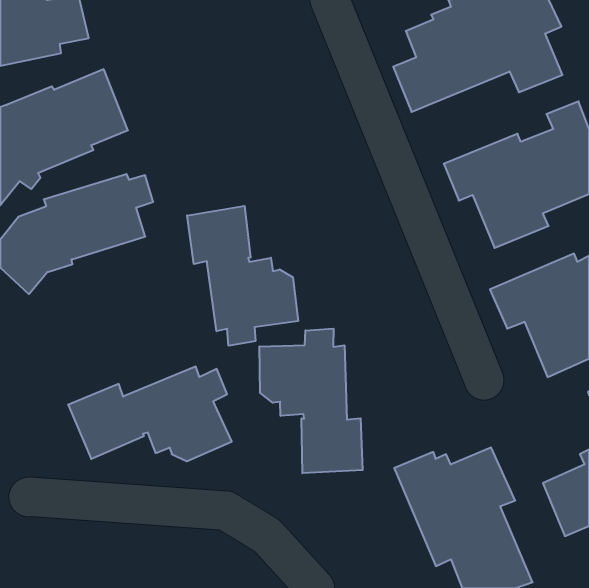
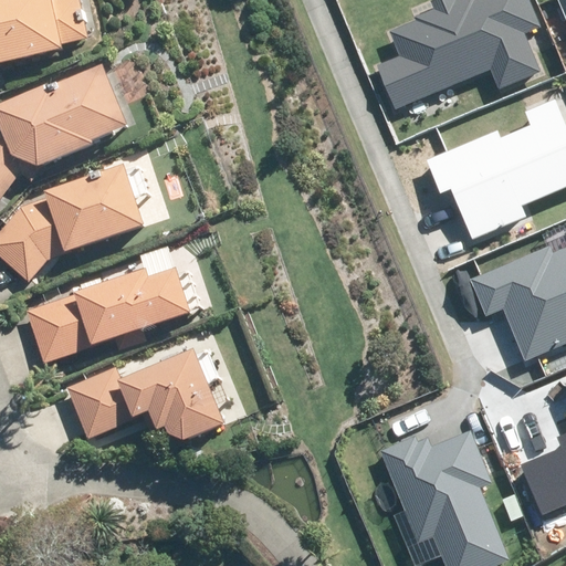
building: [187,206,298,346] -> none
building: none -> [27,271,185,363]
building: [259,329,363,473] -> none

